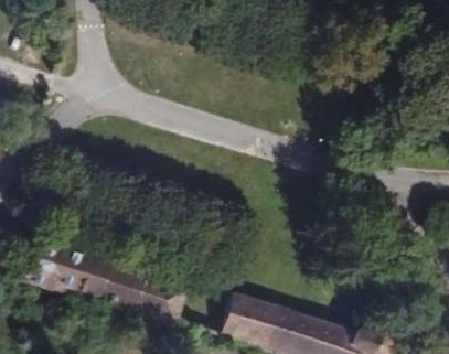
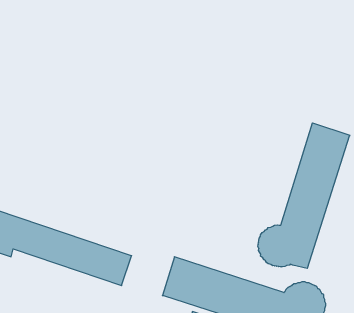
building: none -> [258,123,350,268]

